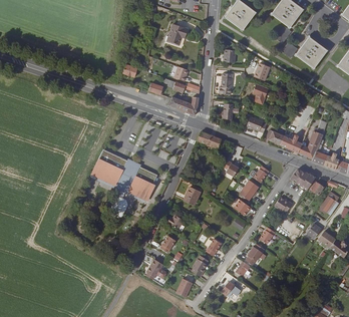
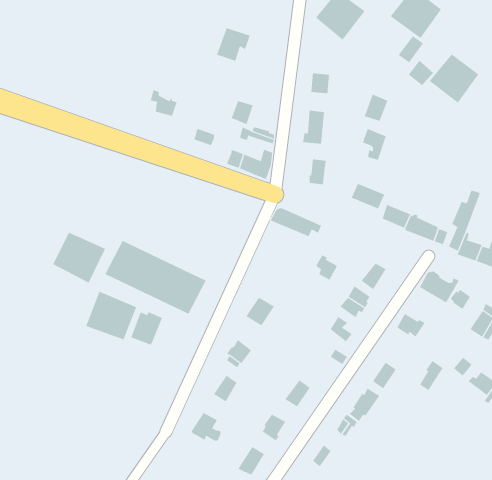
building: none -> [53,232,106,284]
building: none -> [85,291,137,340]

